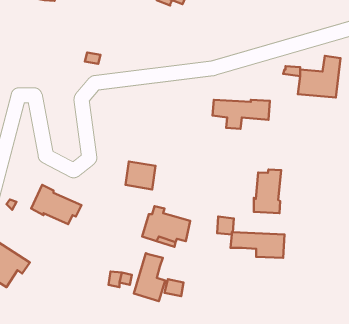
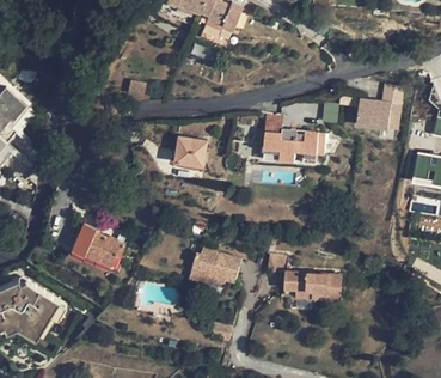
building: [125,161,156,189] -> [172,136,204,166]
building: [254,170,281,213] -> none
building: [134,253,165,301] -> none

